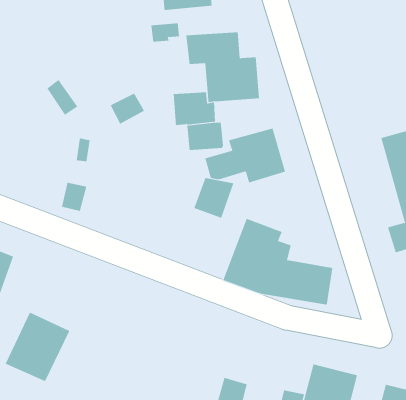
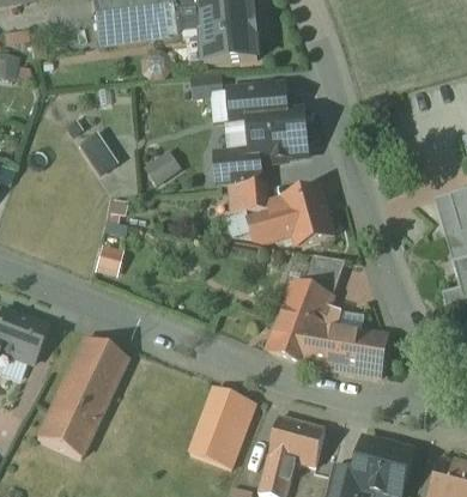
building: [194,178,234,218] -> [303,254,346,297]
building: none -> [63,338,127,402]
building: none -> [190,387,256,467]
building: none -> [269,414,326,463]

